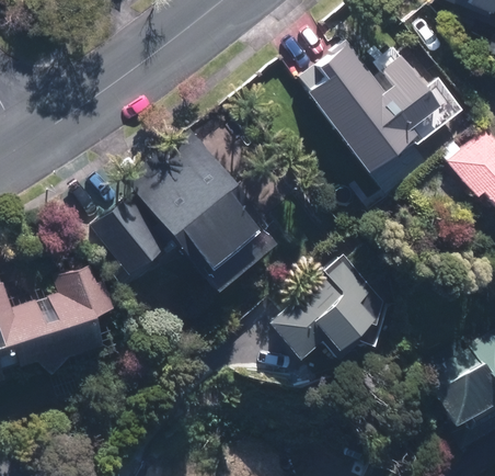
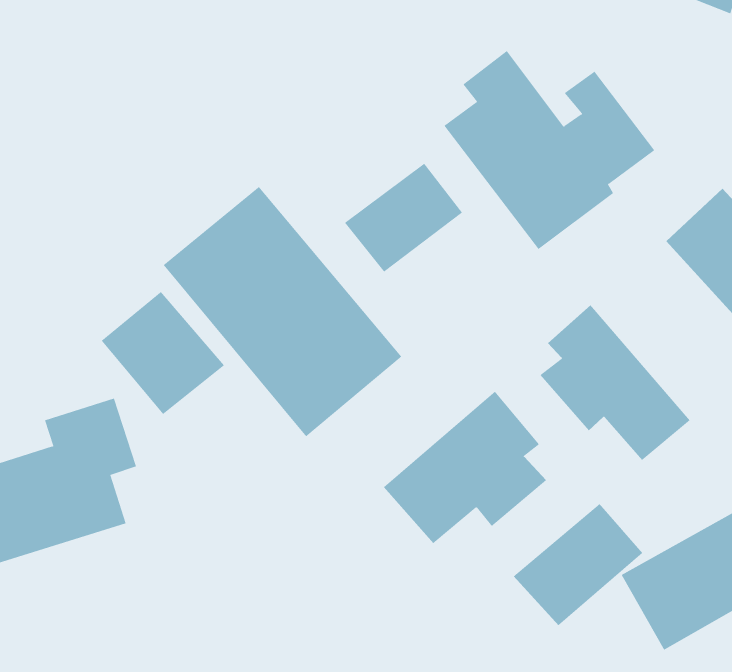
building: none -> [344,163,463,273]
building: none -> [540,305,690,461]
building: none -> [513,503,643,626]

